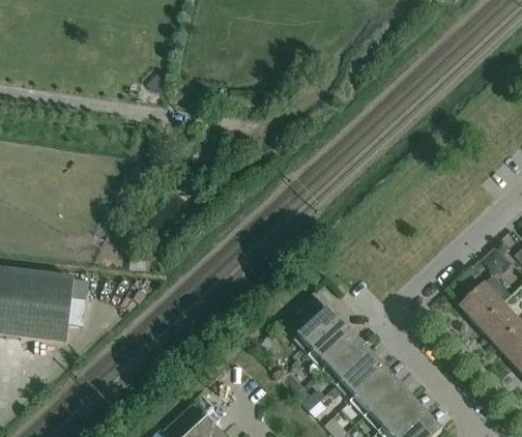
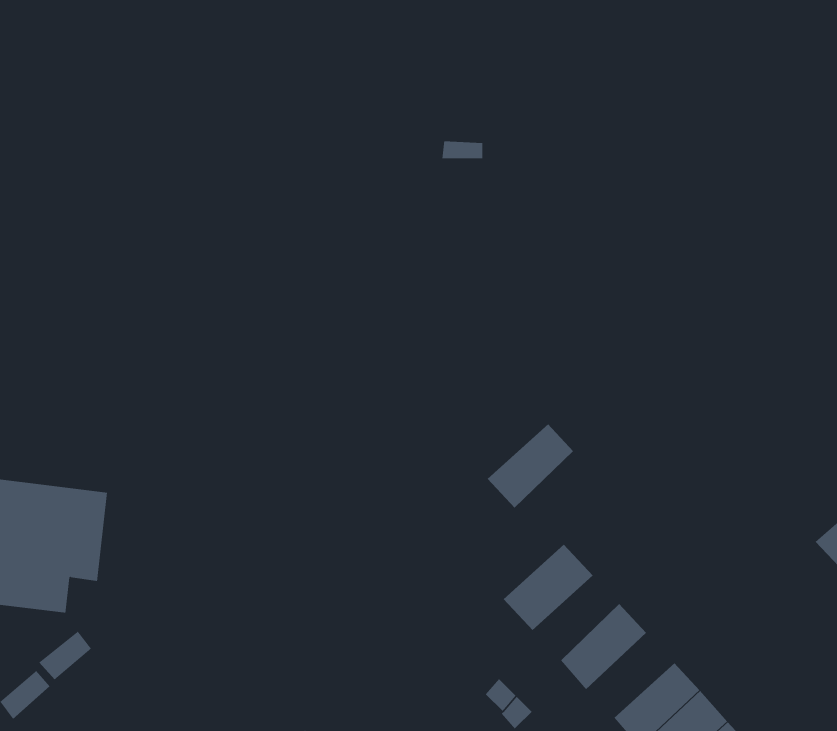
building: [311,322,356,367] -> [487,423,574,508]
building: [339,352,385,397] -> none

